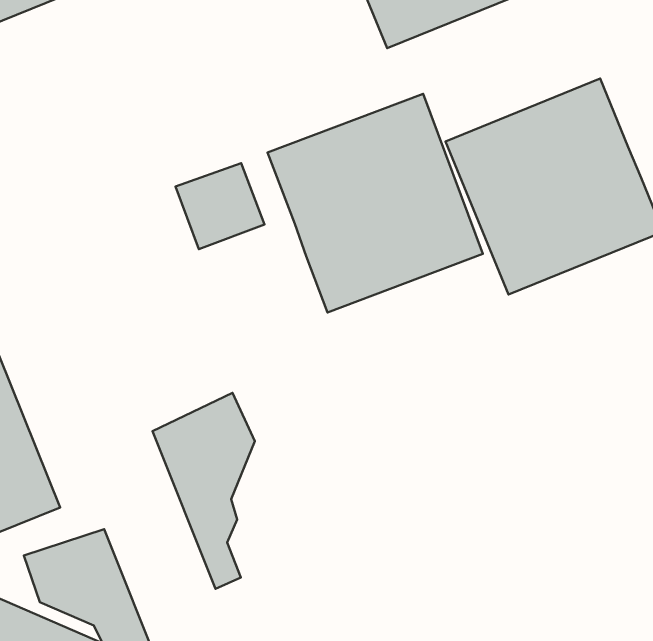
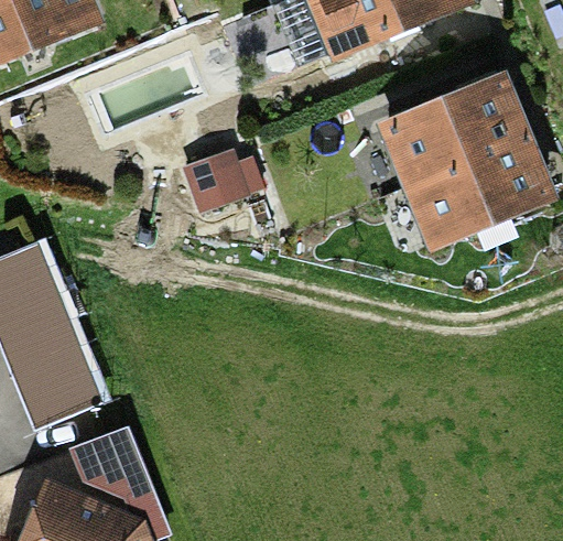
building: [268,94,483,313] -> none
building: [152,393,255,589] -> none

